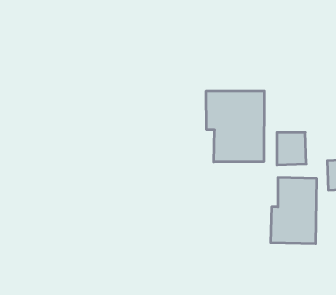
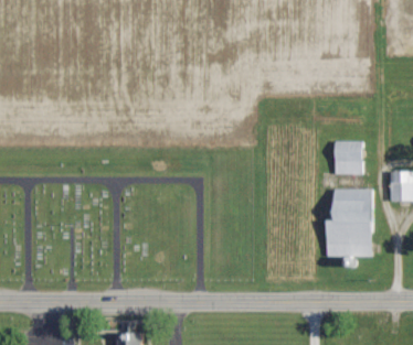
building: [206,91,264,162] -> none

